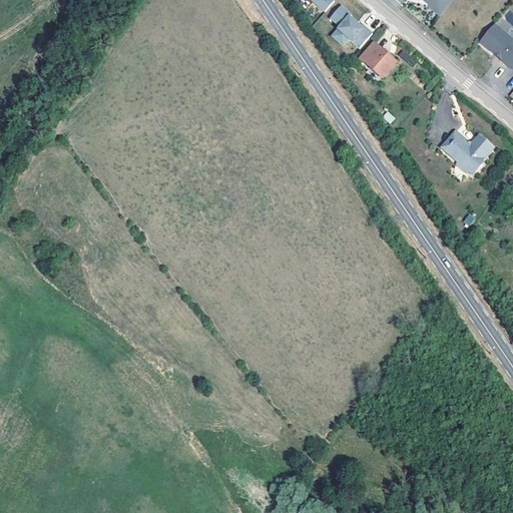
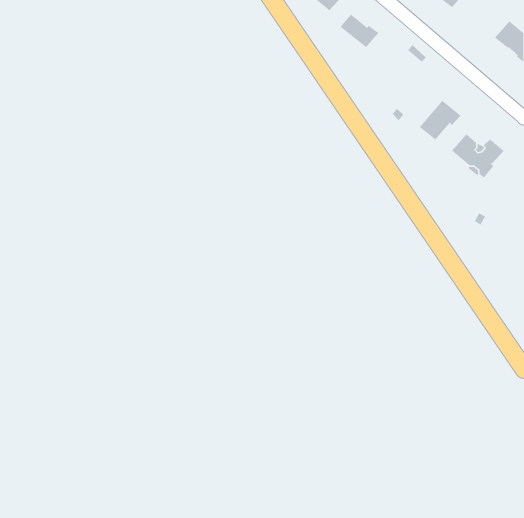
building: [359,42,394,76] -> none
building: none -> [419,100,461,141]

